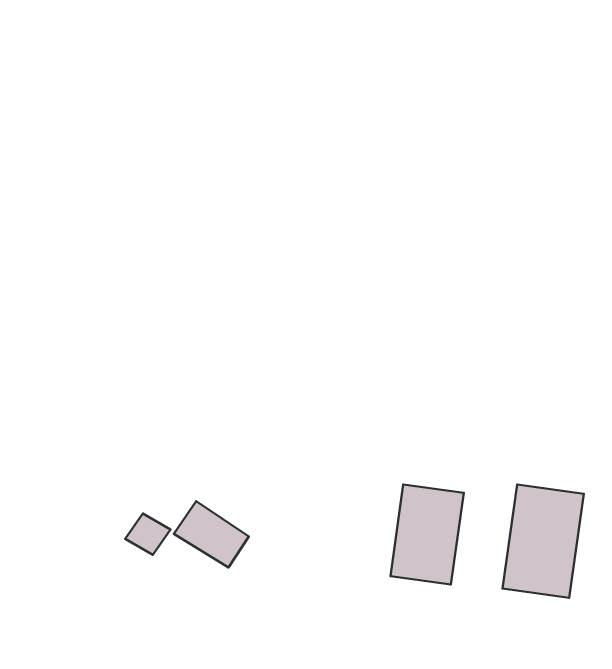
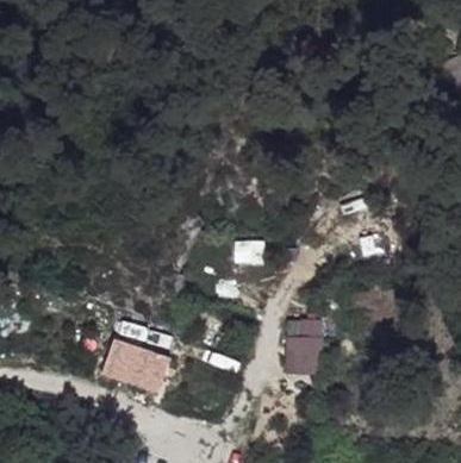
building: [503,484,584,598] -> none

